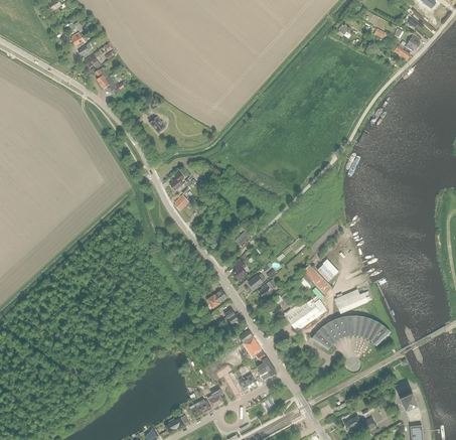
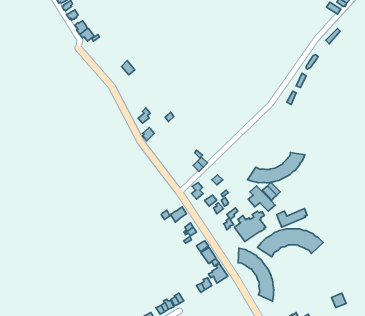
building: none -> [247,152,305,183]
building: none -> [238,248,274,301]

